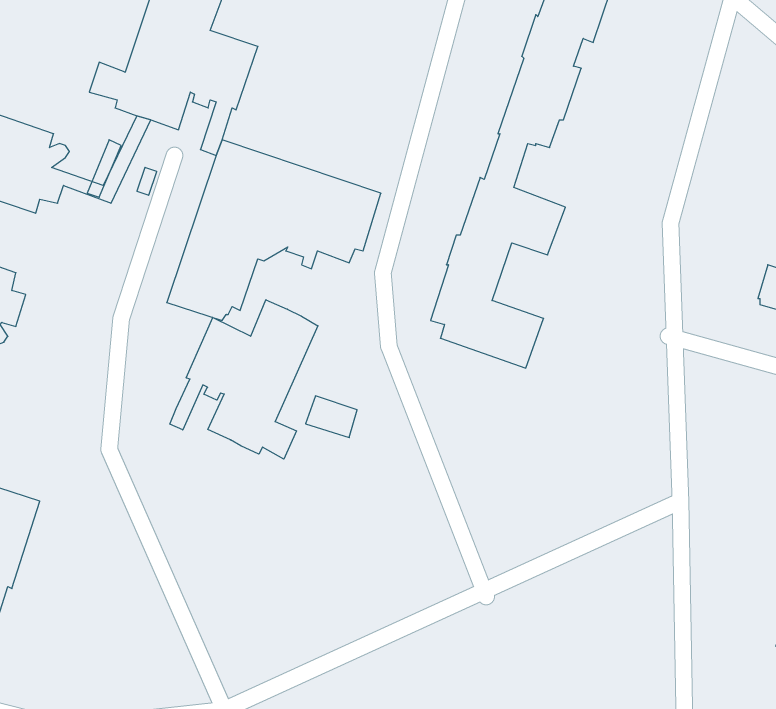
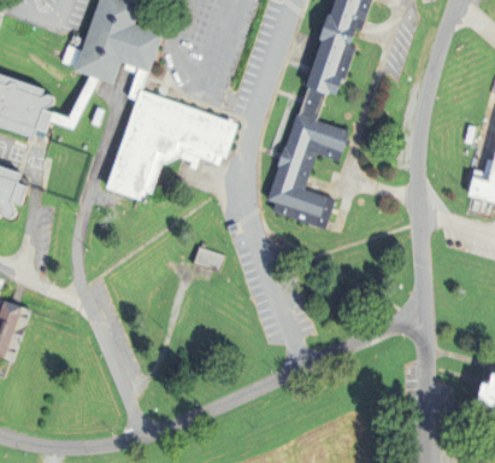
building: [170,300,318,459] -> none

